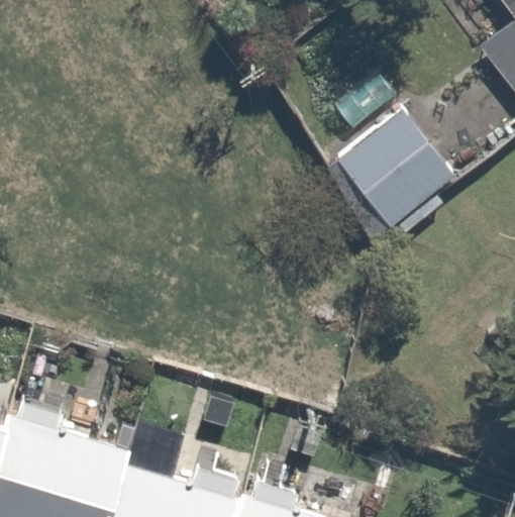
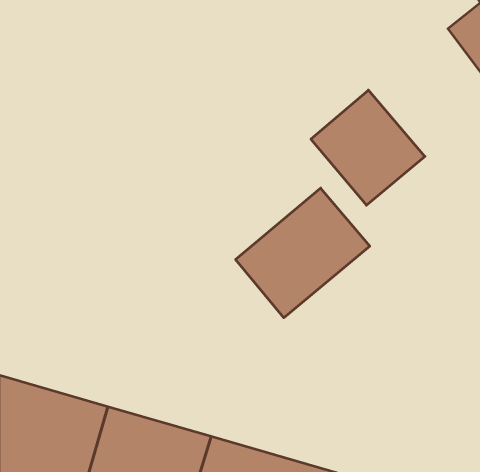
building: none -> [236,188,370,318]

